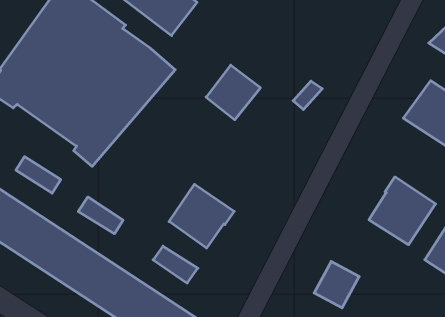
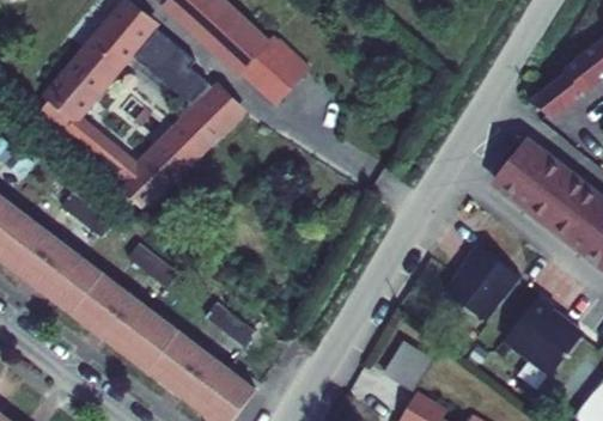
building: [206,65,260,120] -> [249,42,310,103]
building: [169,184,234,248] -> none

